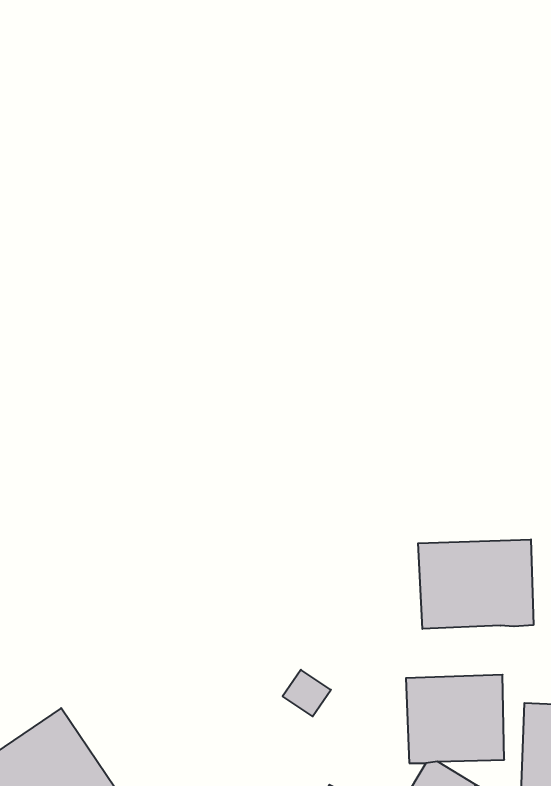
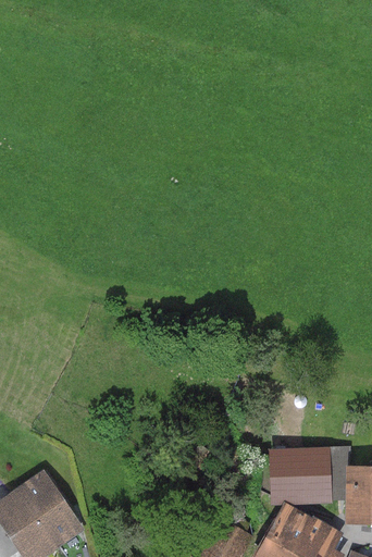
building: [418,539,533,629] -> none

